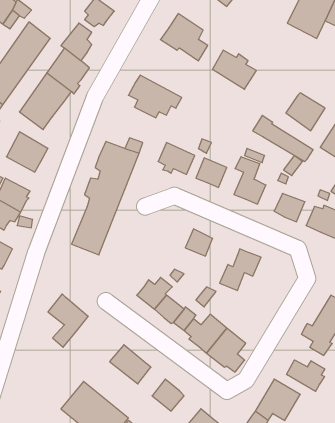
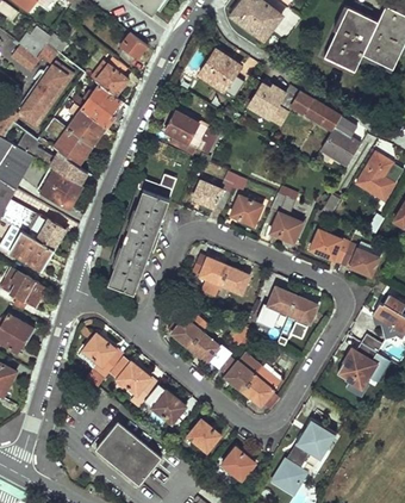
building: [253,115,313,162] -> [281,85,342,131]
building: none -> [199,256,229,296]
building: none -> [286,294,318,337]
building: none -> [110,354,158,405]
building: [287,360,325,391] -> none

